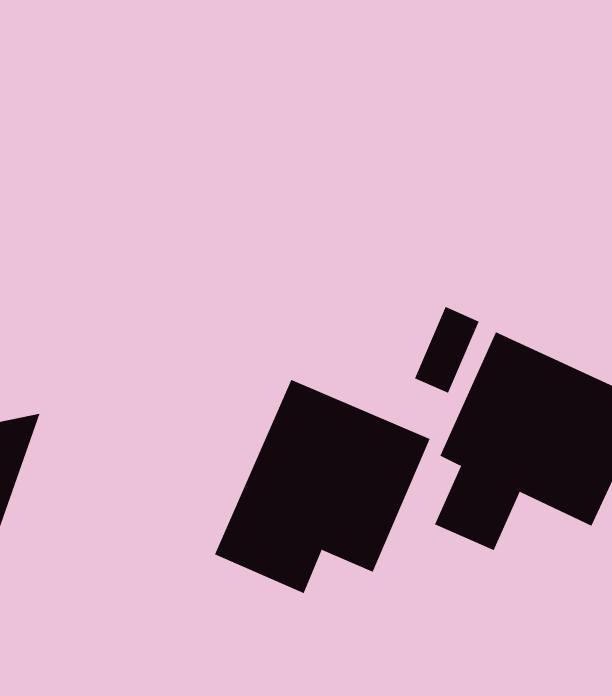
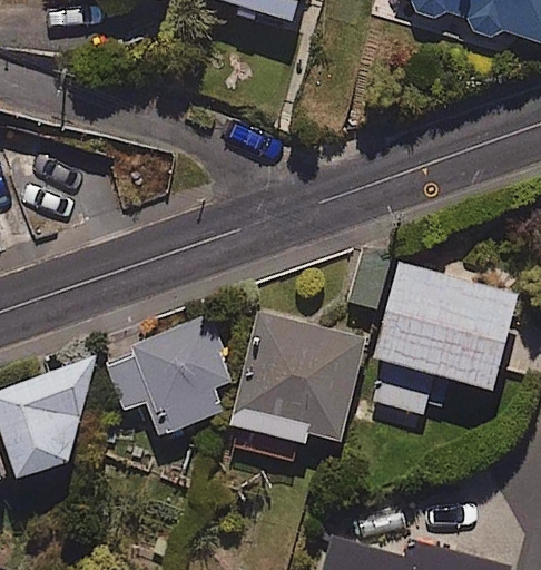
building: none -> [104,316,234,438]

